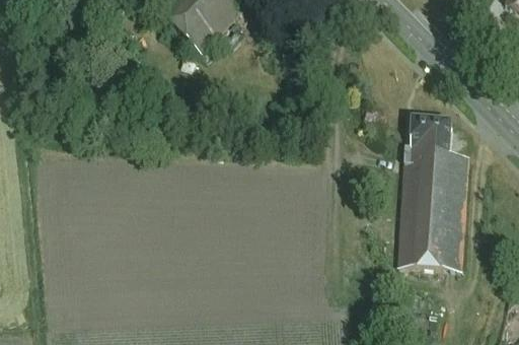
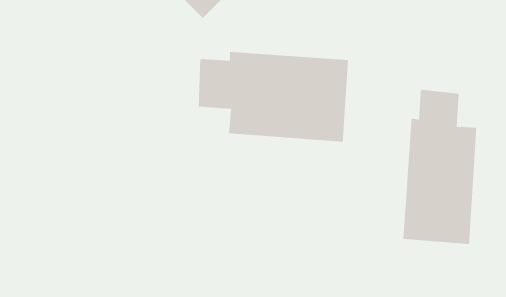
building: none -> [198,51,348,143]

